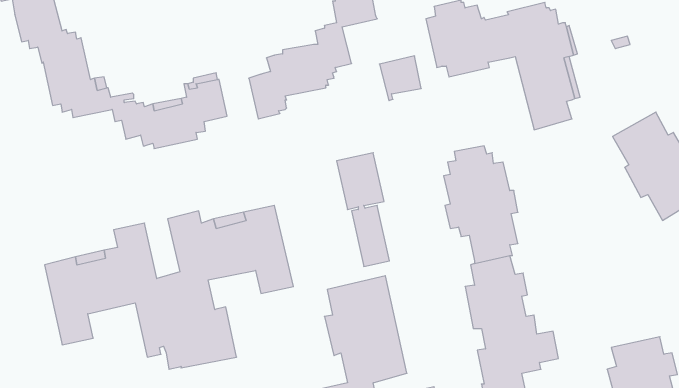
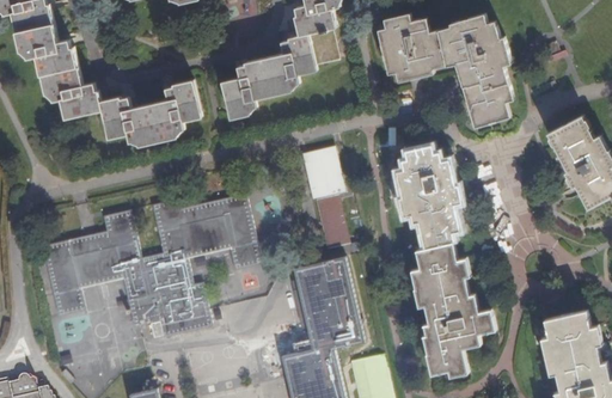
building: [379,56,421,101] -> [305,30,342,69]

